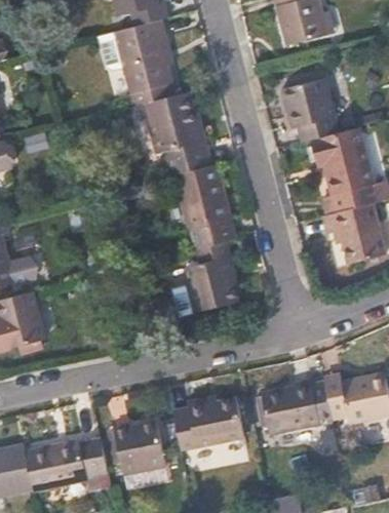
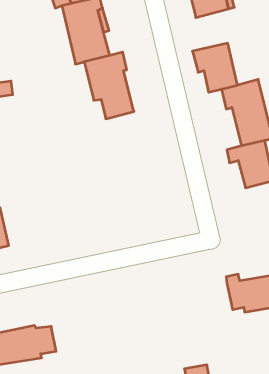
building: [174,163,229,228] -> none
building: [185,240,238,312] -> none
building: [260,385,333,437] -> none
building: [173,400,244,451] -> none
building: [114,423,165,475] -> none

